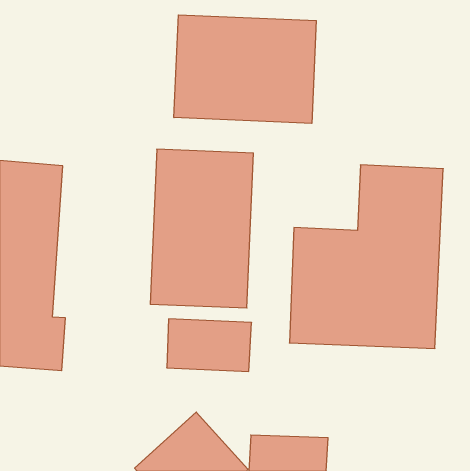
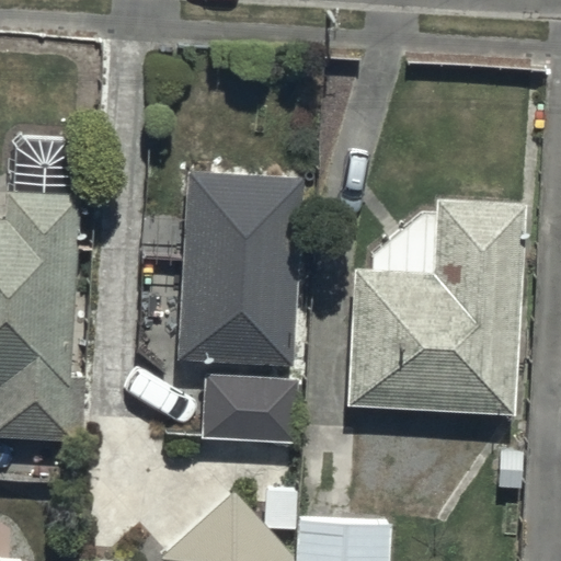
building: [174,15,316,123] -> none

